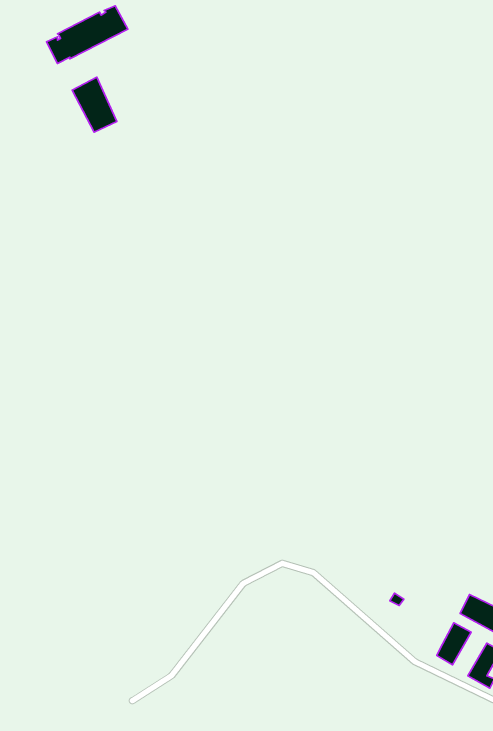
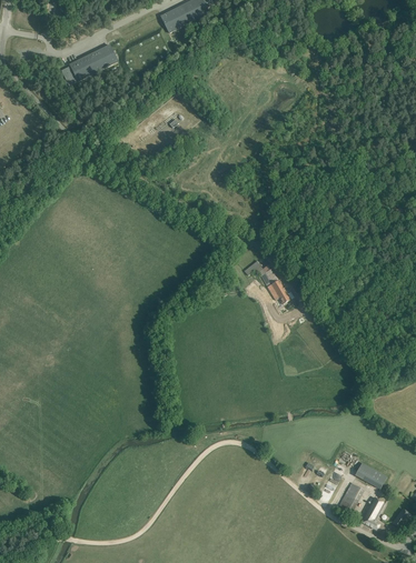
building: [72,77,117,132] -> none
building: none -> [245,261,291,304]

